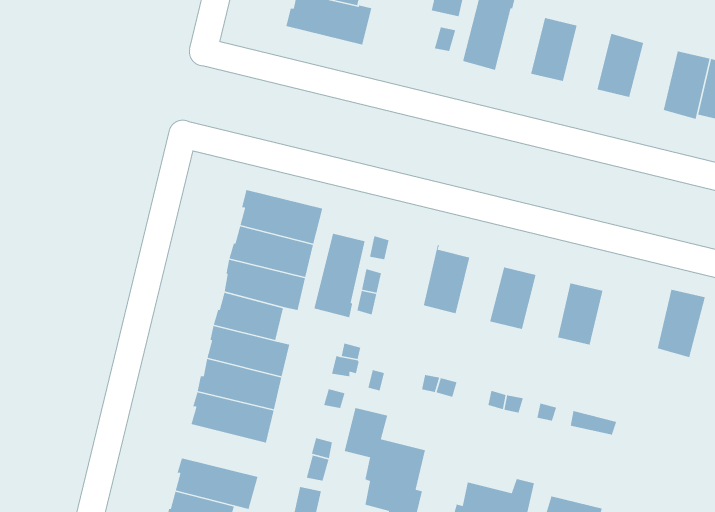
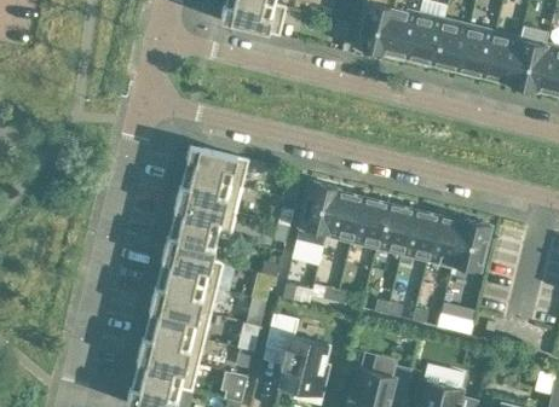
building: none -> [380,7,417,57]
building: none -> [432,19,468,69]
building: none -> [483,33,519,85]
building: [314,233,366,318] -> [295,181,335,246]
building: none -> [350,197,386,246]
building: none -> [400,210,437,258]
building: [657,289,706,358] -> [453,219,490,272]
building: none -> [139,325,204,365]

